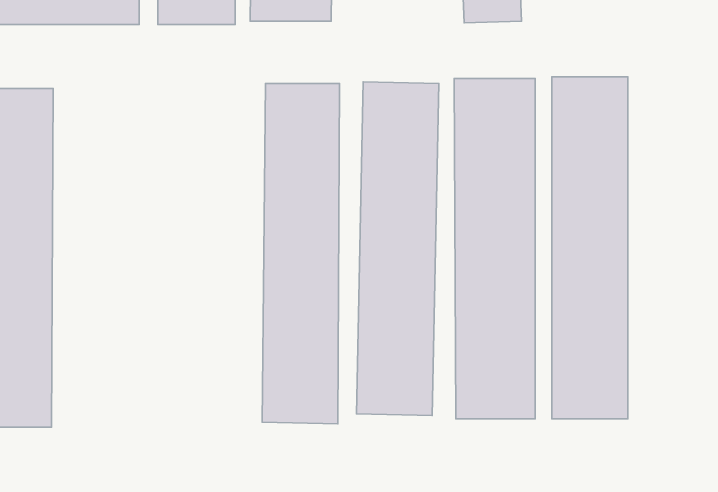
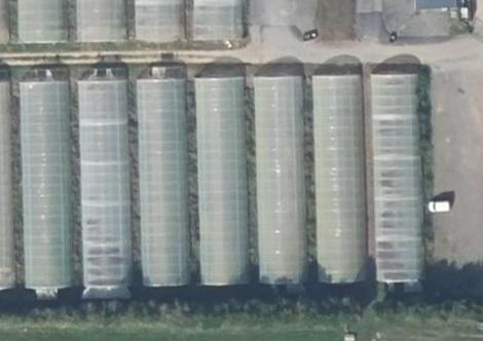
building: none -> [136,78,185,286]
building: none -> [78,79,127,296]

